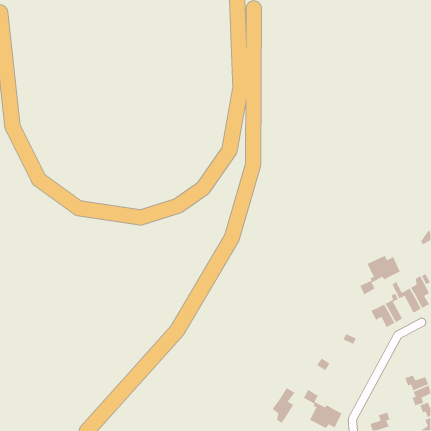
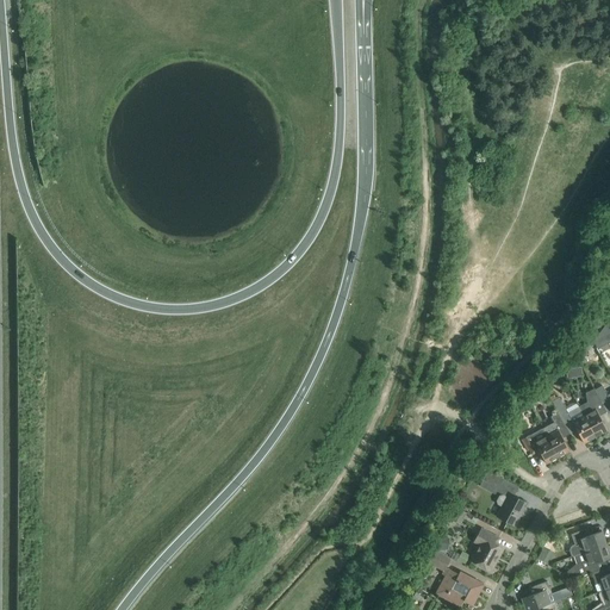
building: [359,255,401,295] -> none
building: none -> [497,493,528,527]
building: none -> [471,529,503,571]
building: [271,387,295,424] -> none

